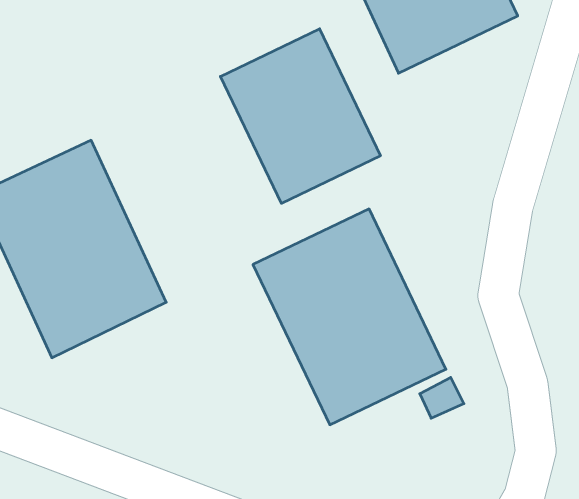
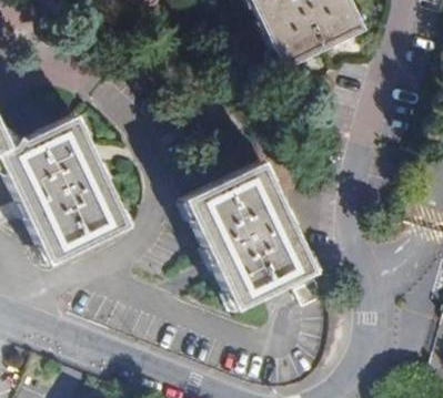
building: [220,29,380,203] -> none

